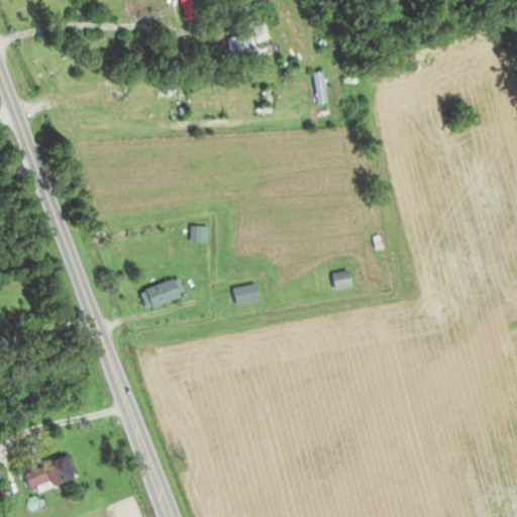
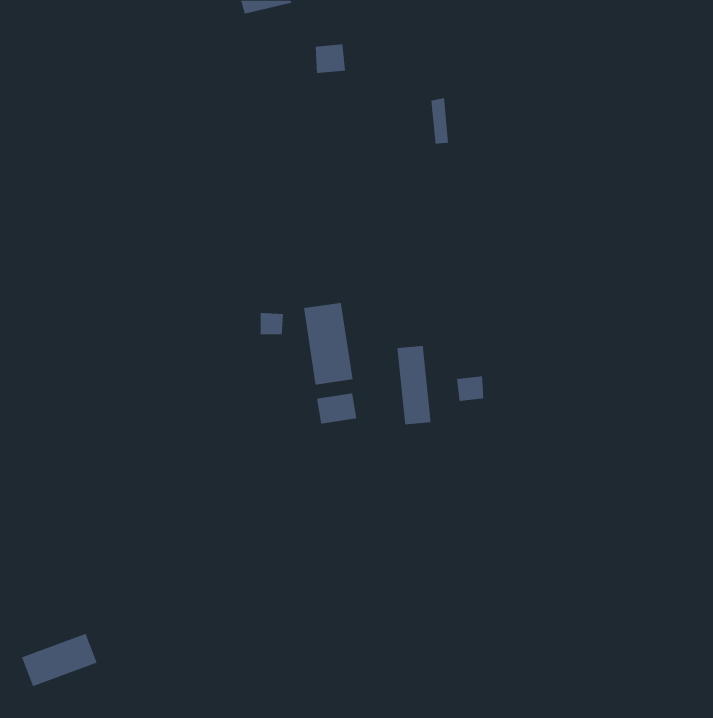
building: none -> [303,302,353,385]
building: none -> [397,345,431,425]
building: [139,276,186,310] -> none

